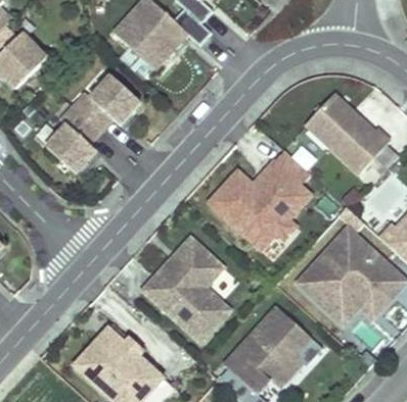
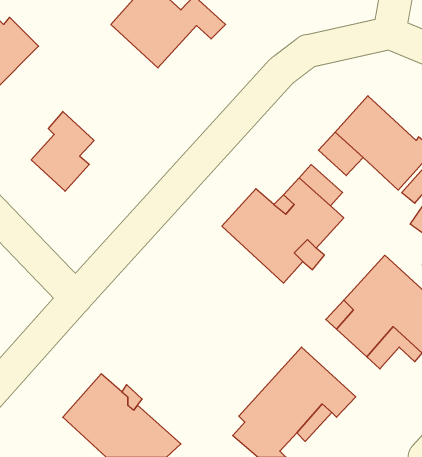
building: [74,74,140,130] -> none
building: [143,237,224,342] -> none

